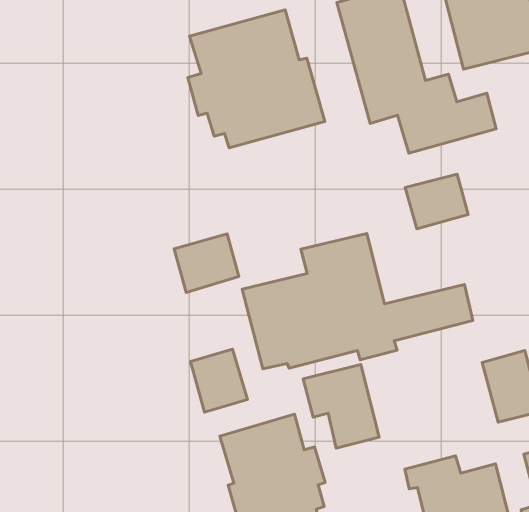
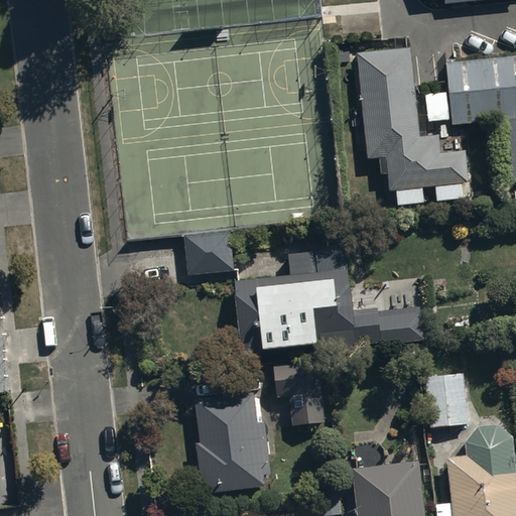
building: [188,10,325,148] -> none
building: [405,174,468,229] -> none
building: [191,349,247,412] -> none

